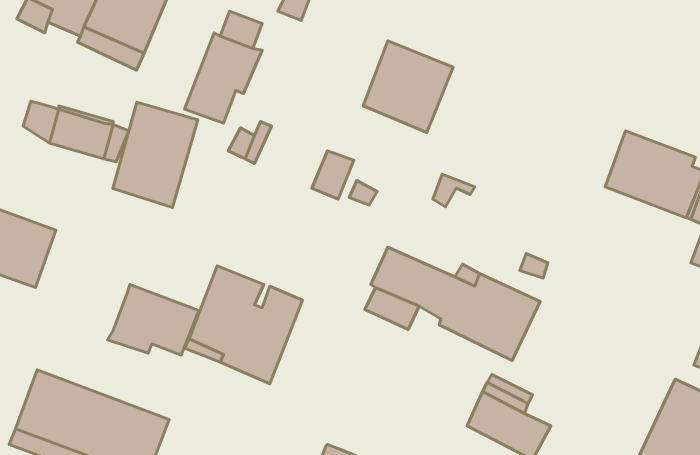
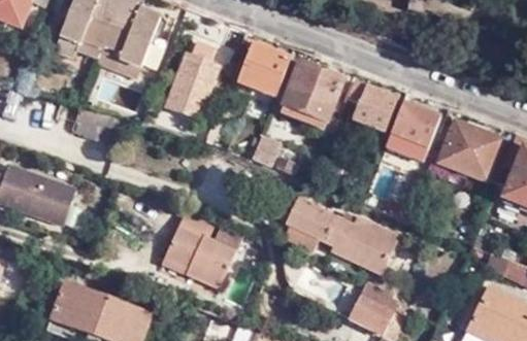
building: none -> [235,45,288,96]
building: none -> [342,83,393,131]
building: [113,102,198,208] -> none
building: none -> [383,103,437,163]
building: [108,285,199,355] -> none

